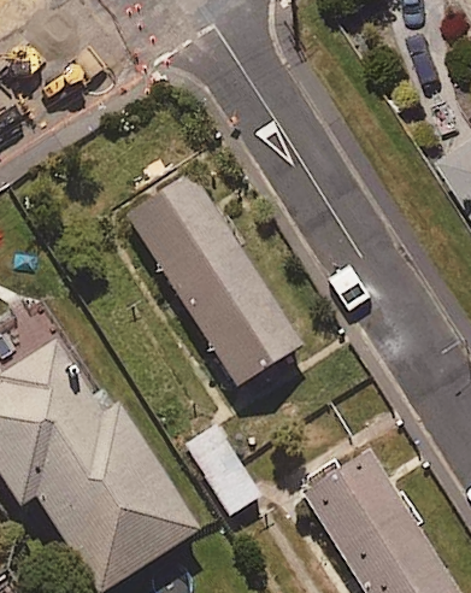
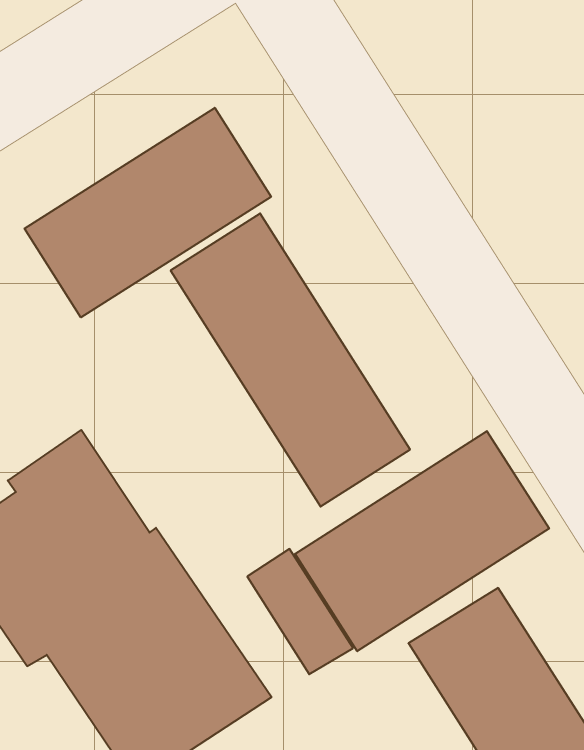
building: none -> [25,108,271,317]
building: none -> [295,431,549,651]

